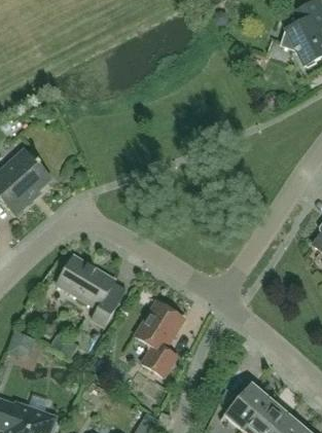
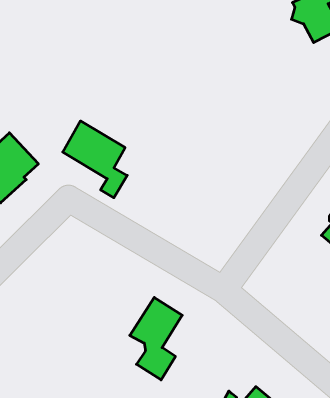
building: [57,254,116,325] -> [63,121,127,198]

